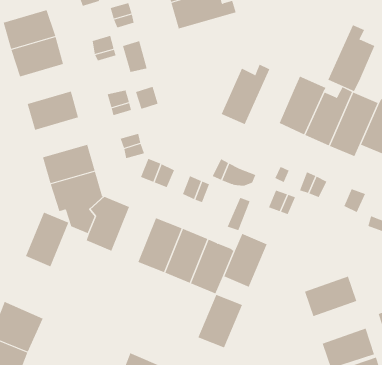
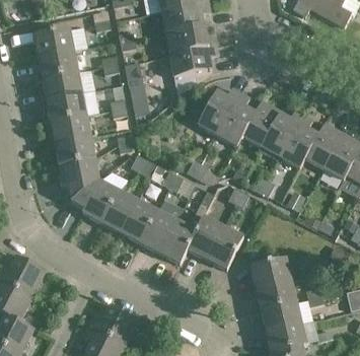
building: none -> [169,47,218,78]
building: [327,24,375,92] -> [215,93,255,146]
building: none -> [43,75,82,103]
building: none -> [51,118,91,146]
building: [25,212,69,267] -> [102,191,139,234]
building: [198,294,243,348] -> [207,229,244,272]
building: none -> [255,280,295,310]

